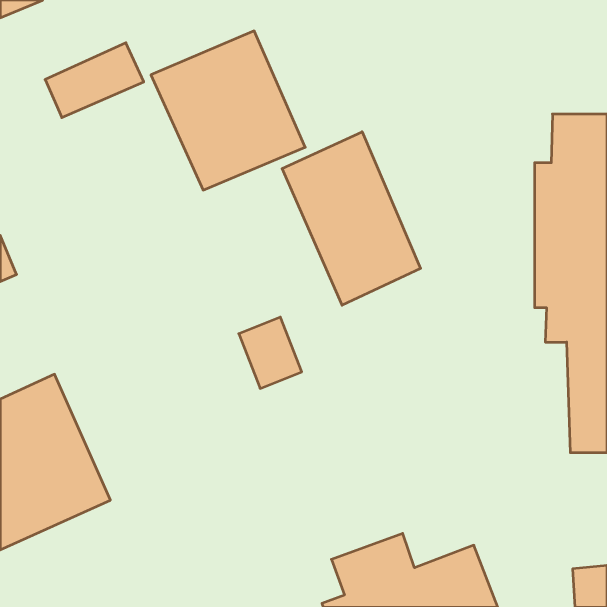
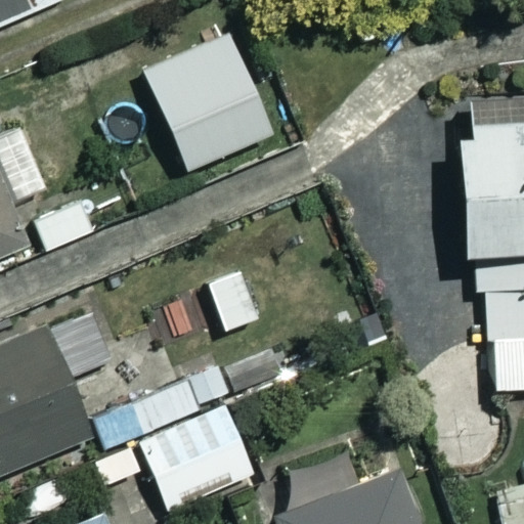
building: [282,132,421,305] -> none
building: none -> [143,410,260,517]

